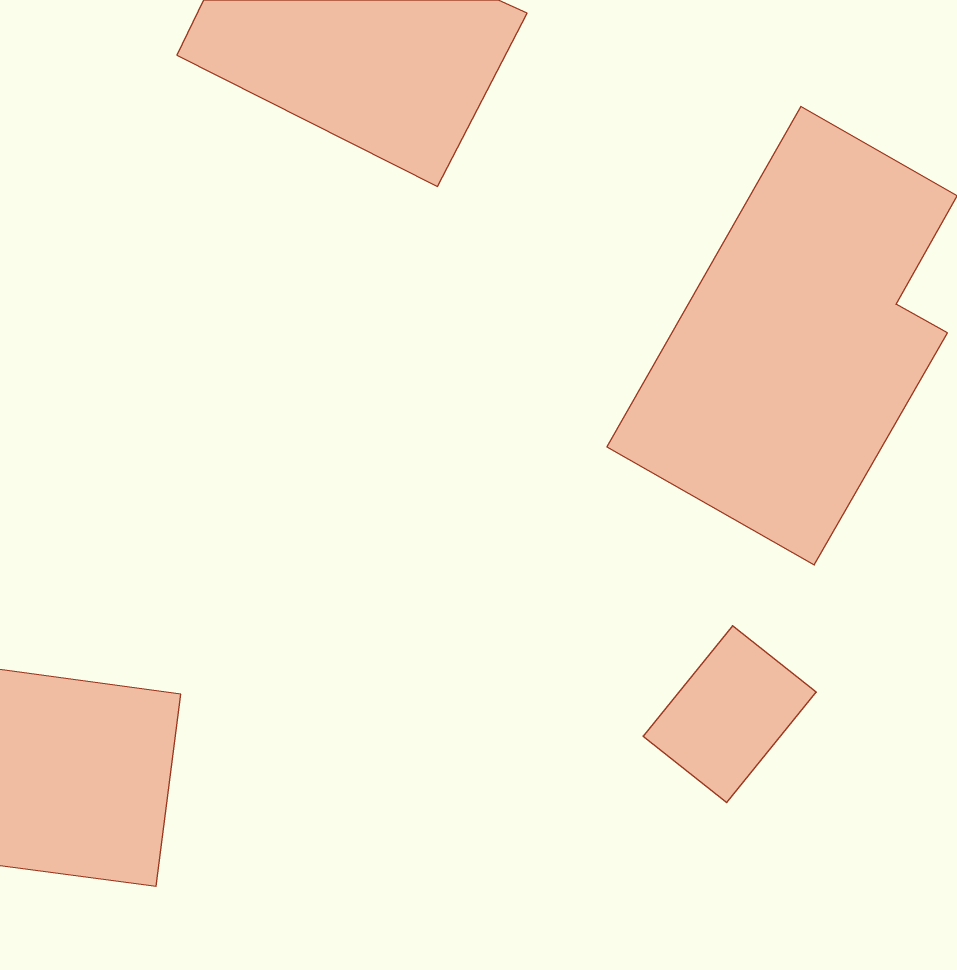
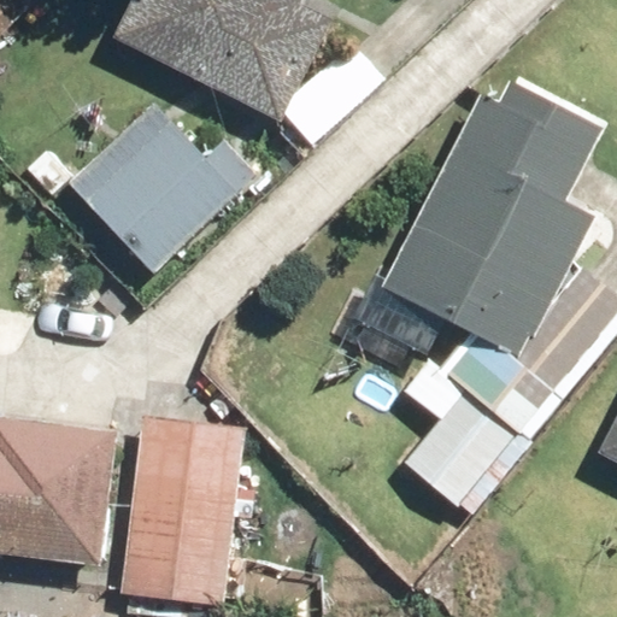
building: none -> [71,94,245,268]
building: none -> [119,415,239,605]

